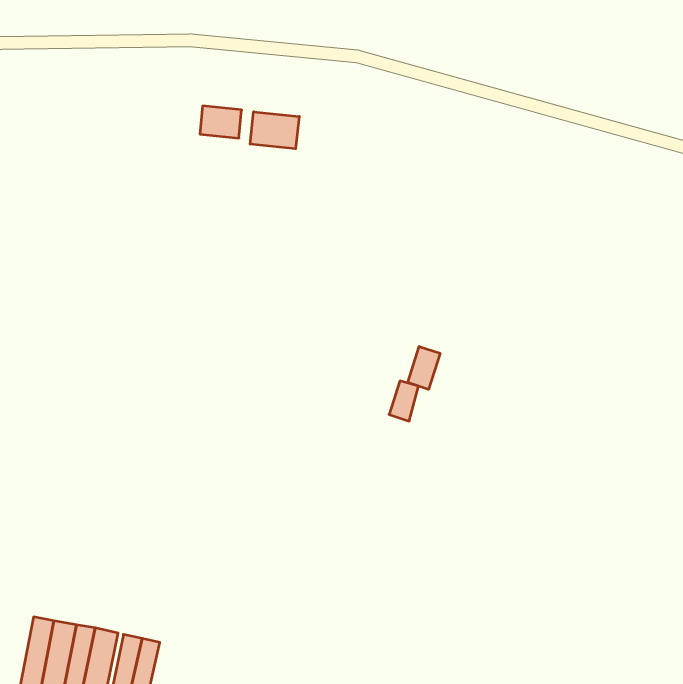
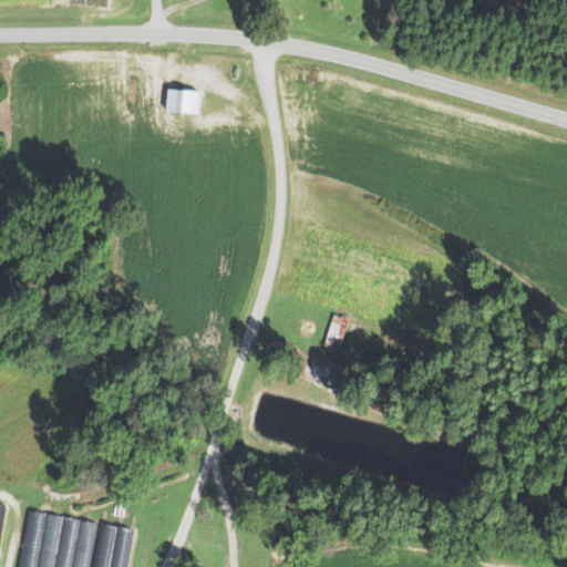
building: [250,112,299,149] -> none
building: [408,346,440,389] -> none

